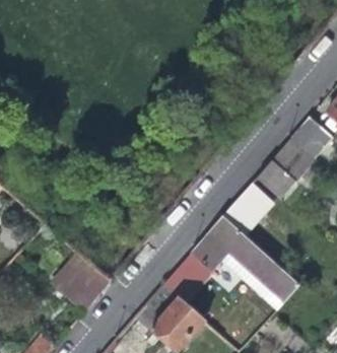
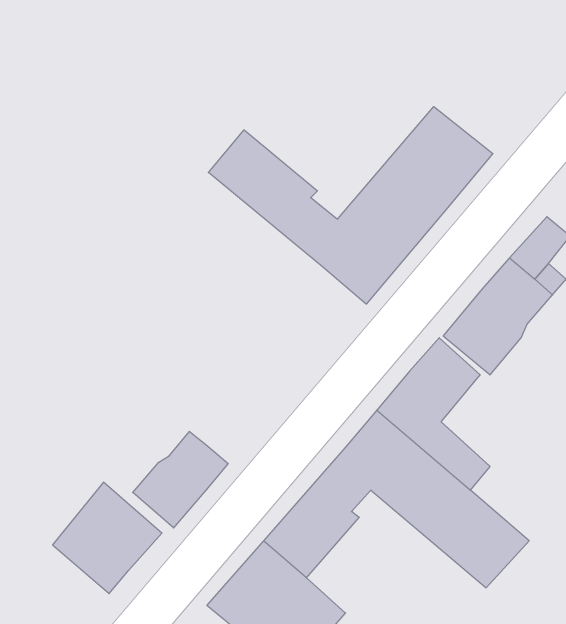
building: none -> [208,107,493,304]
building: none -> [133,431,228,528]

